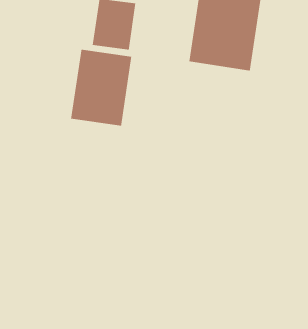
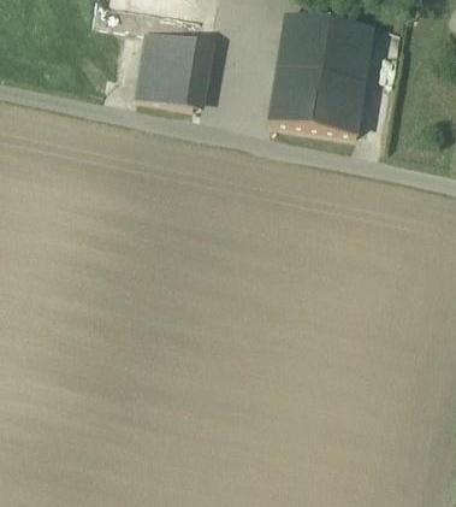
building: [71,49,132,126] -> none

